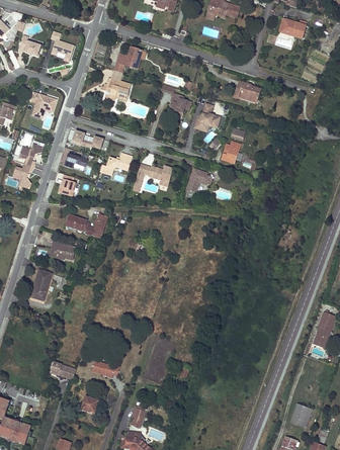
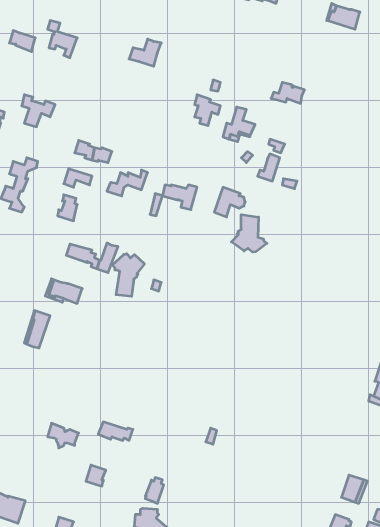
building: [104,73,131,100] -> none
building: none -> [231,215,267,252]
building: none -> [112,254,144,296]

